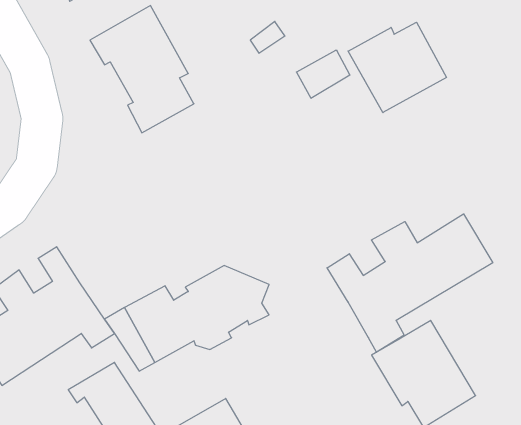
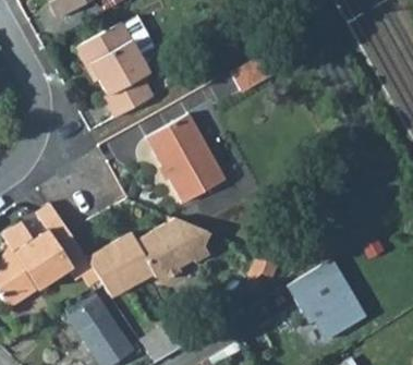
building: [348,22,446,113] -> none
building: none -> [146,113,226,203]
building: [327,214,493,352] -> none

